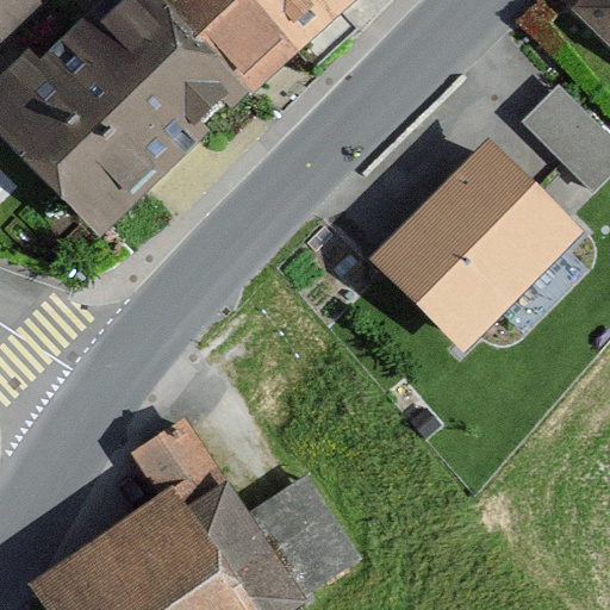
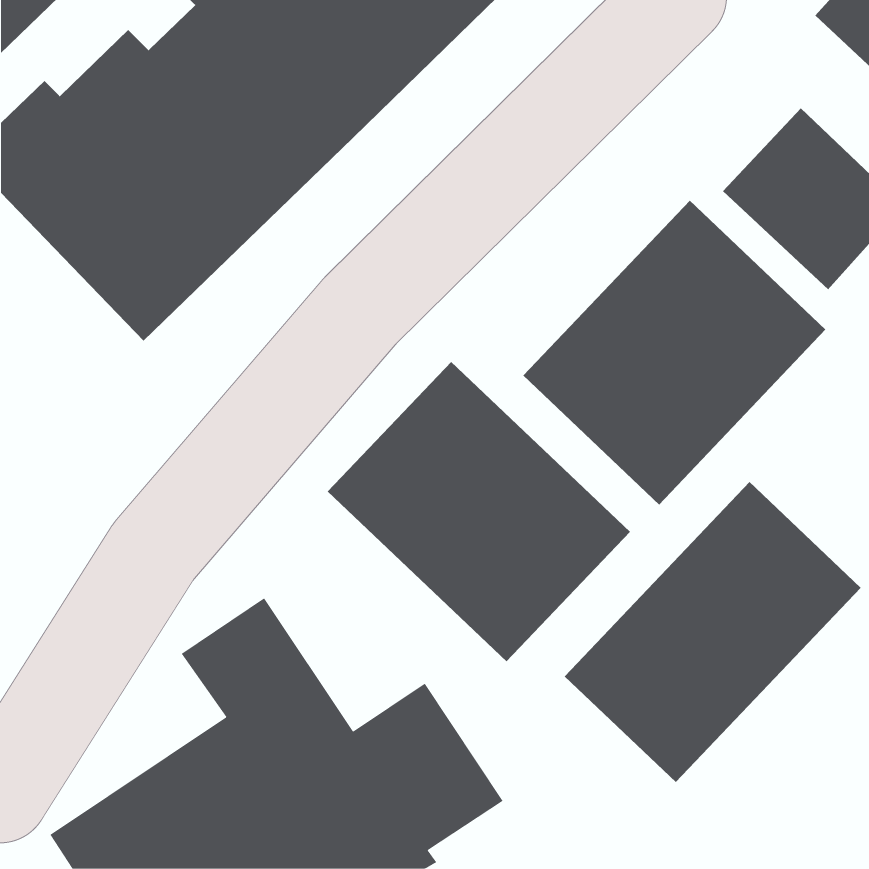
building: none -> [327,361,631,662]
building: none -> [564,481,861,783]

